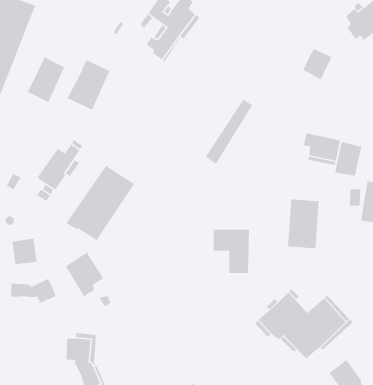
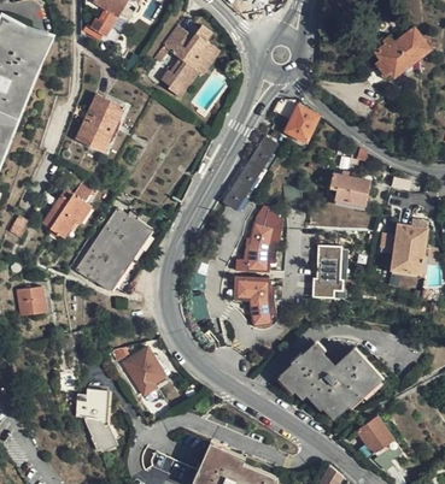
building: [302,48,332,80] -> [286,106,318,141]
building: [27,56,65,103] -> none
building: [334,141,362,176] -> none
building: none -> [234,211,279,271]
building: [65,252,104,298] -> [123,347,165,396]
building: [10,278,57,304] -> none

